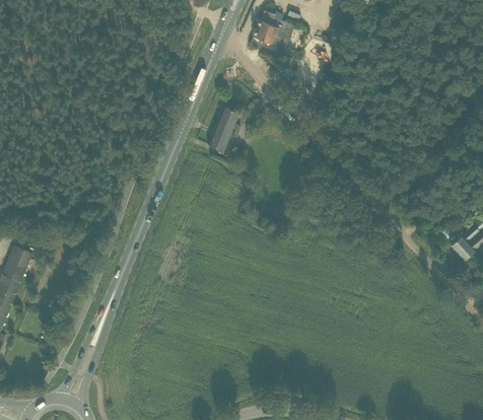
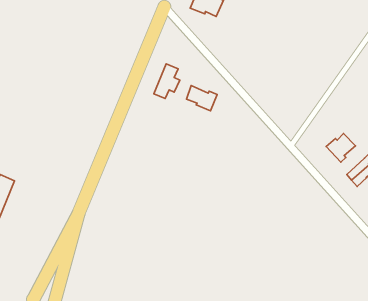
building: none -> [186,86,217,111]
building: none -> [326,134,355,162]

